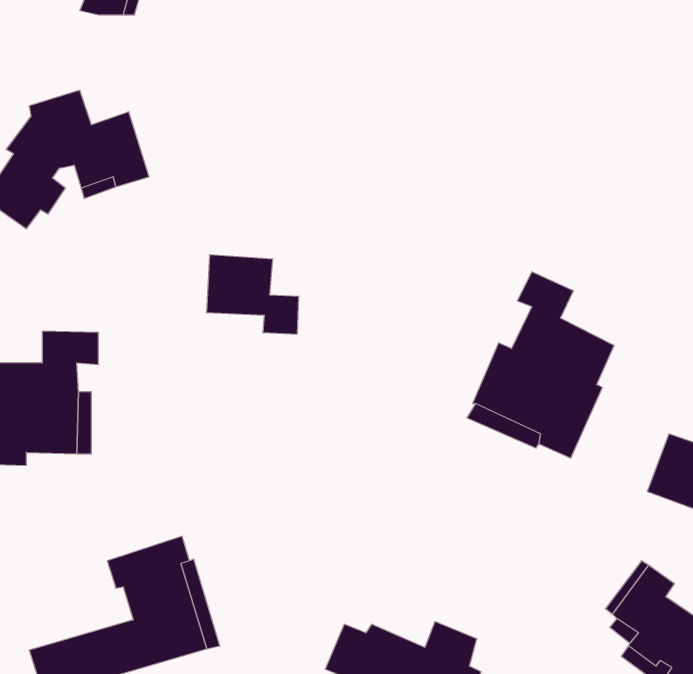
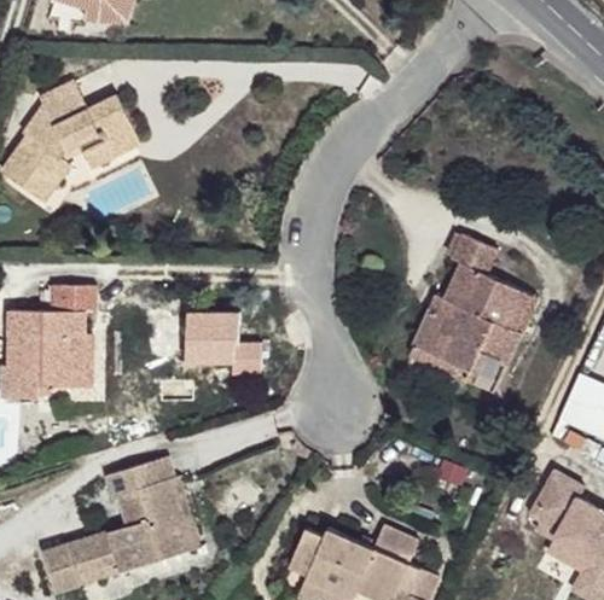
building: [206,255,299,334] -> [186,313,263,379]

